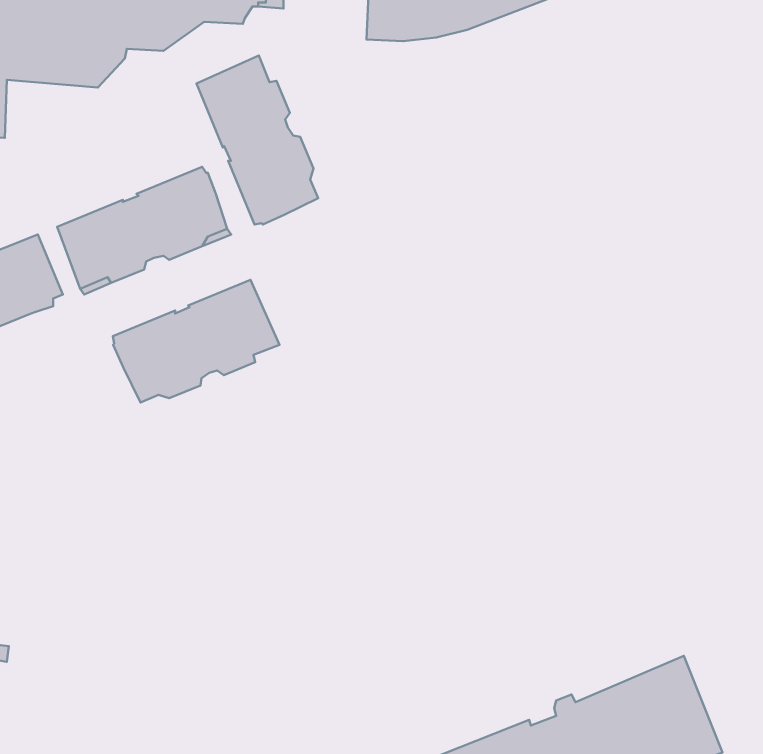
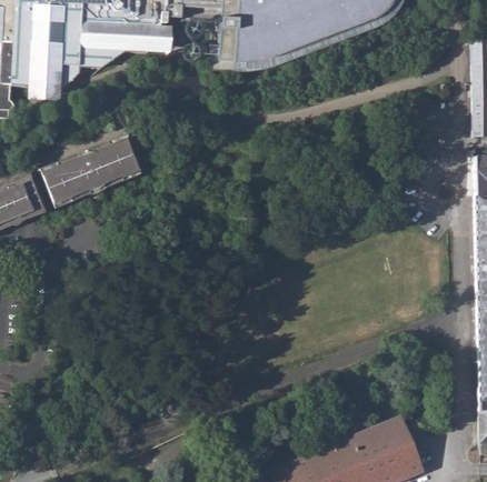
building: [197,56,318,225] -> none
building: [113,280,279,403] -> none

